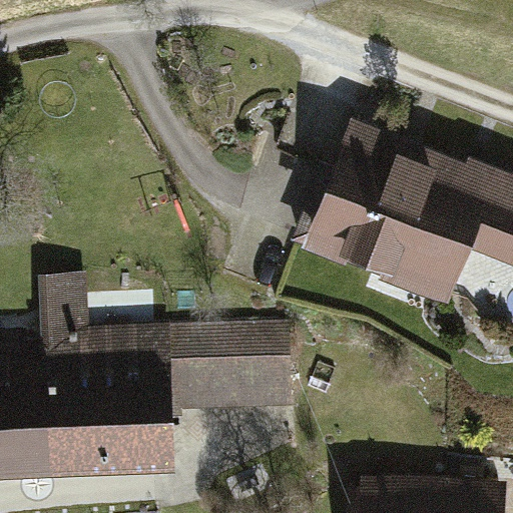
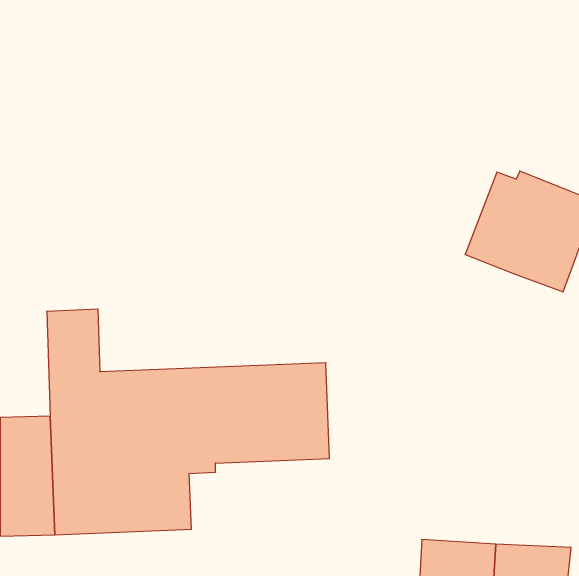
building: [297,120,455,299] -> none

